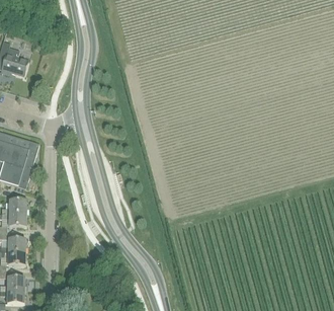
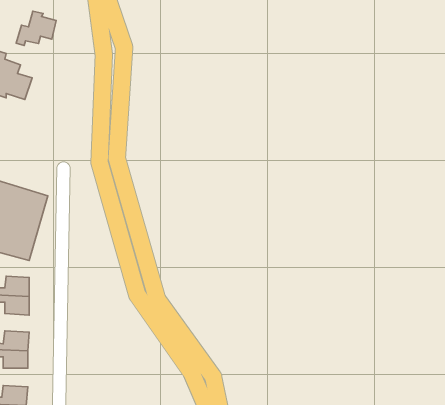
building: none -> [16,11,56,46]

